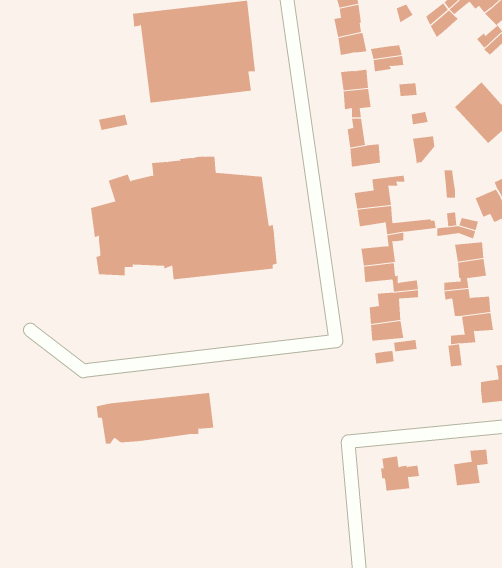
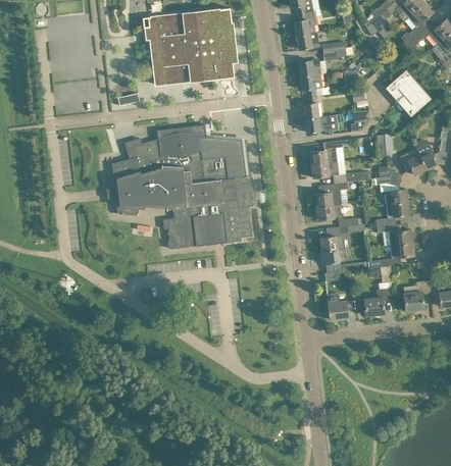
building: [96,392,214,444] -> [163,209,252,248]
building: [453,449,489,486] -> [364,288,391,315]
building: [380,456,420,491] -> [325,293,355,319]

